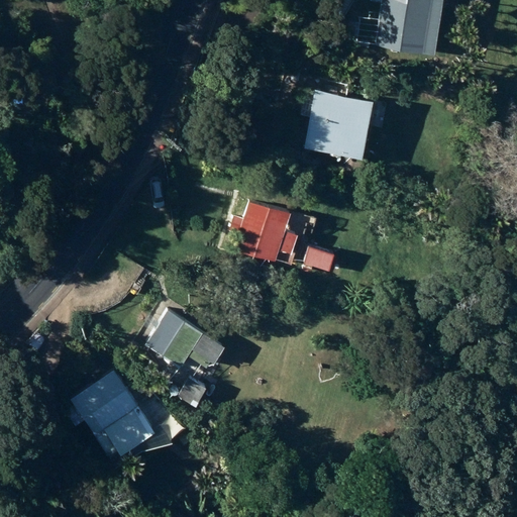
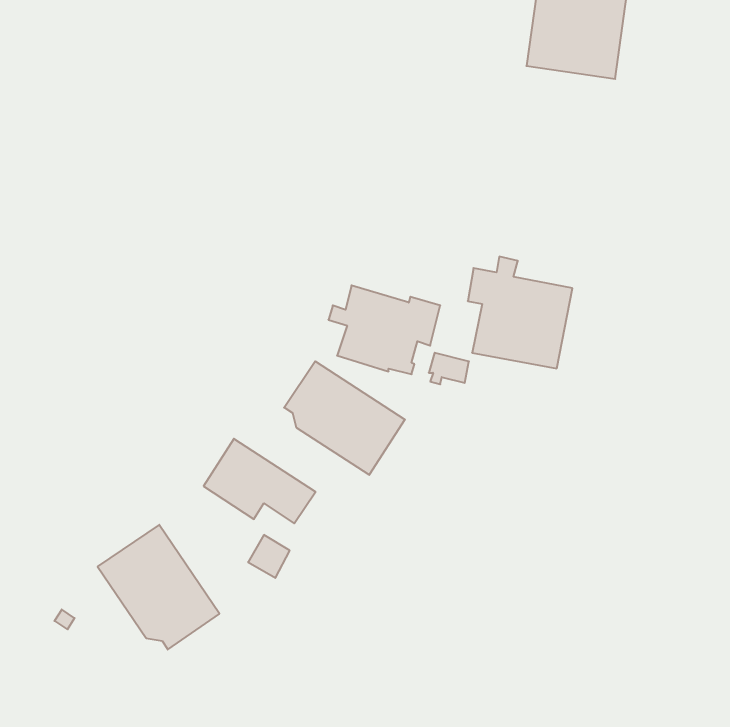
building: [300,81,374,160] -> [468,257,572,368]
building: none -> [284,361,405,475]

